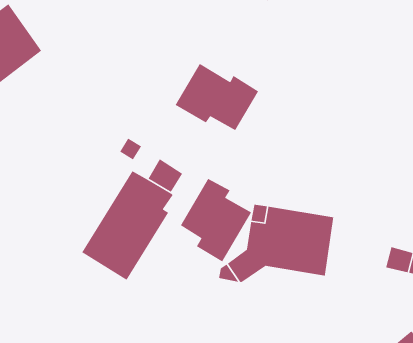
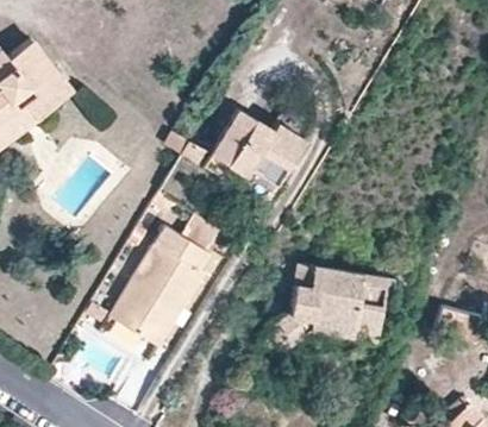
building: [180,178,252,262] -> none

